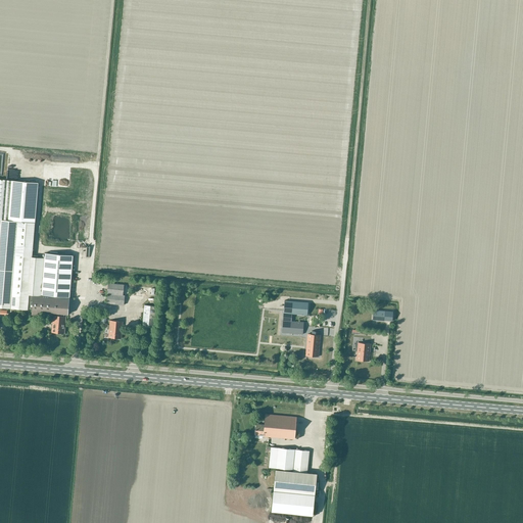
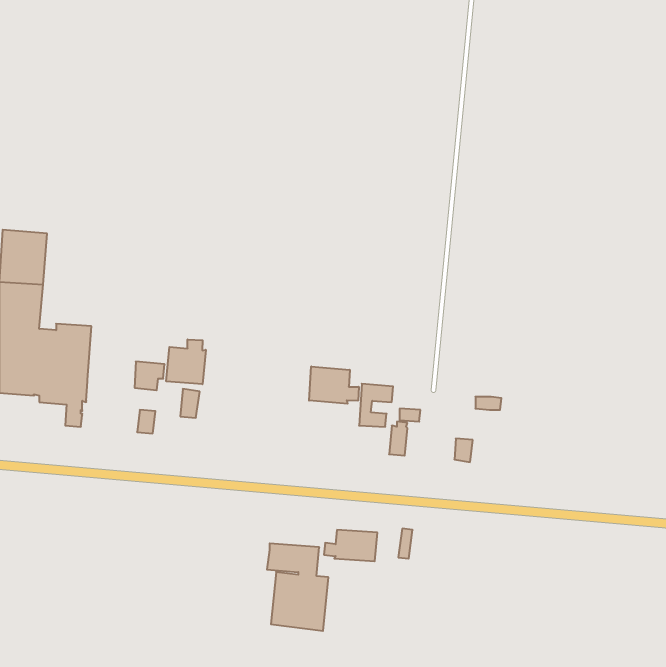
building: none -> [166,339,206,384]
building: none -> [309,366,359,404]
building: [268,447,316,516] -> [267,543,328,631]

